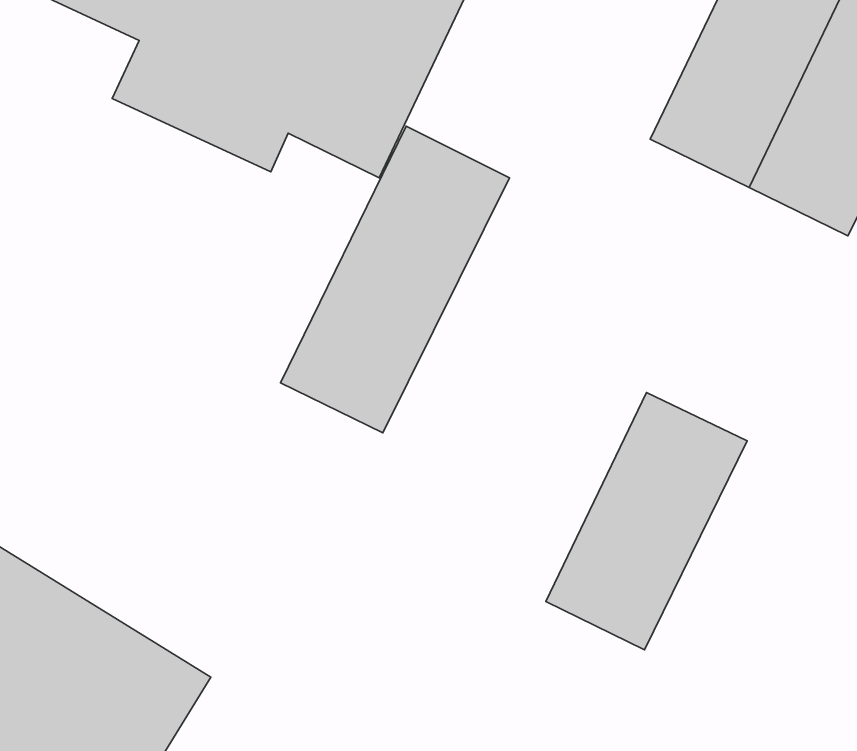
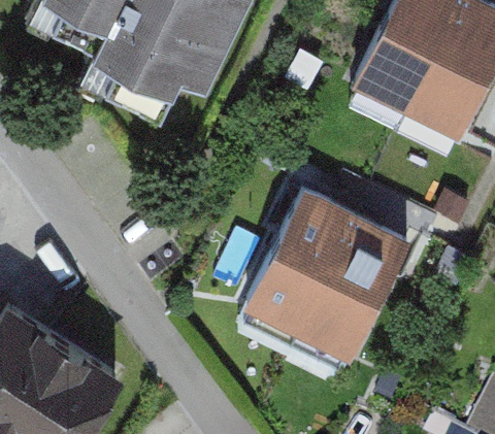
building: [281,126,510,433] -> none
building: none -> [246,192,354,329]

